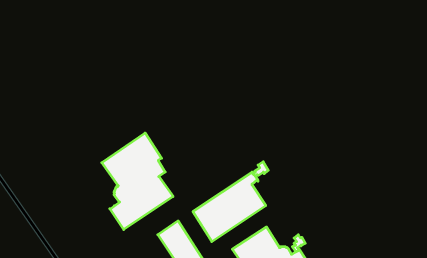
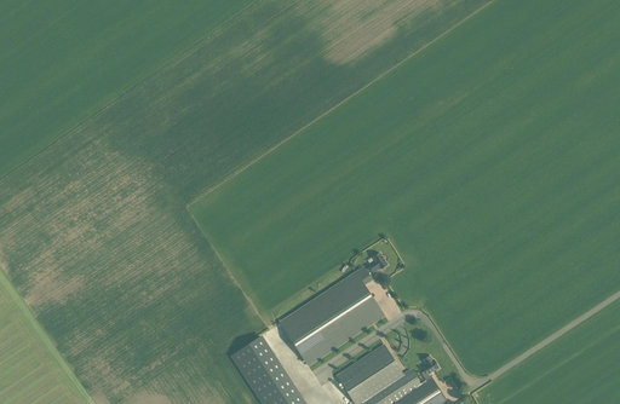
building: [102,133,173,230] -> none

